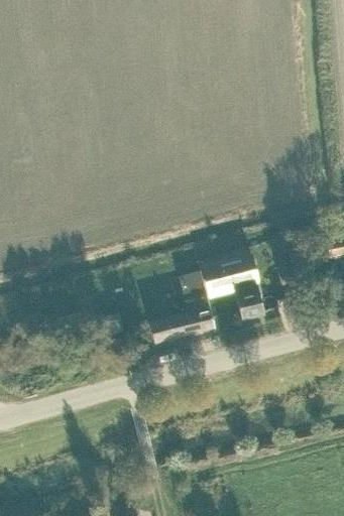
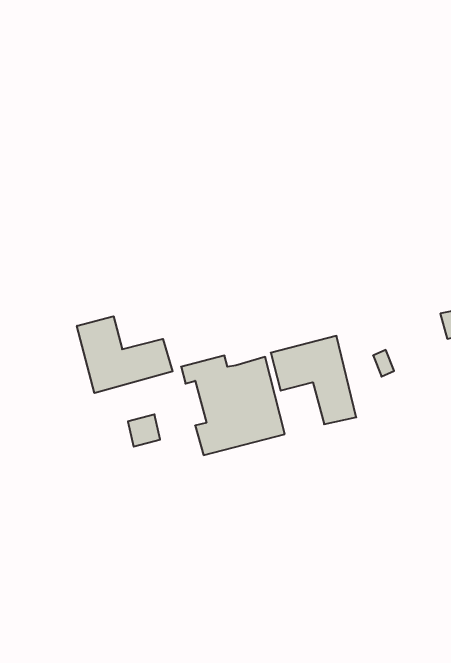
building: none -> [77,316,173,393]

